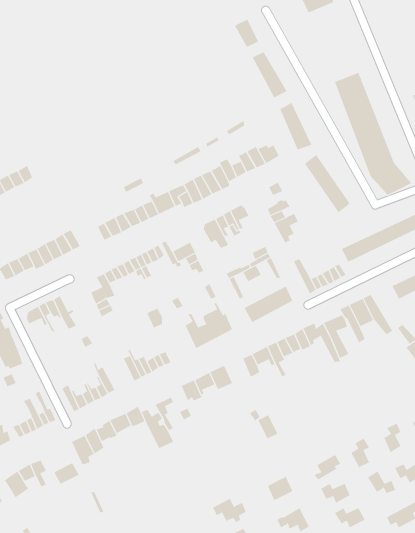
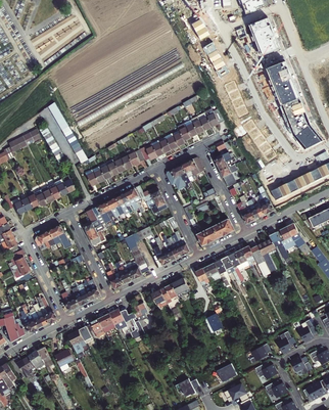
building: none -> [247,17,279,56]

